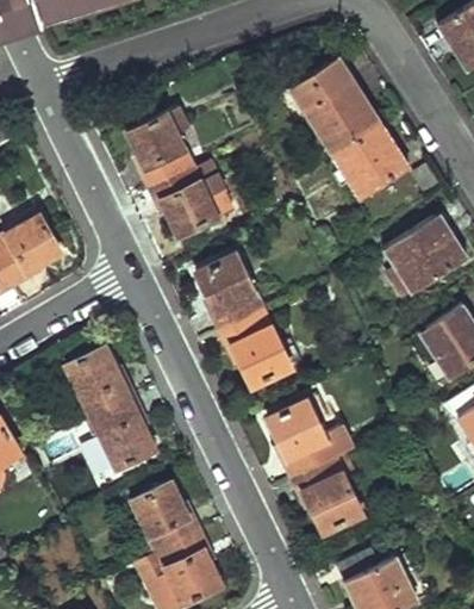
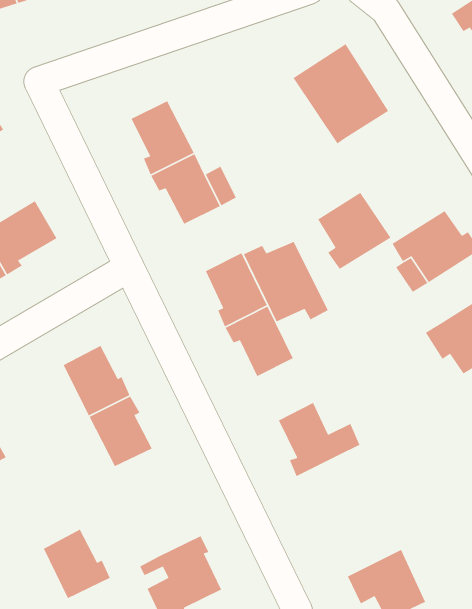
building: [338,124,410,199] -> [317,192,391,270]
building: none -> [243,241,329,323]
building: [291,456,356,526] -> none
building: [133,485,199,553] -> [43,529,111,599]

